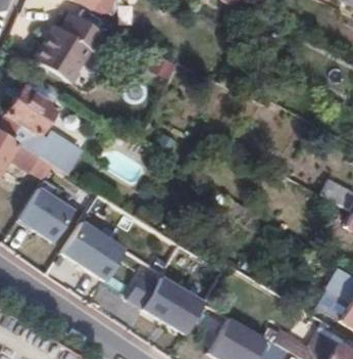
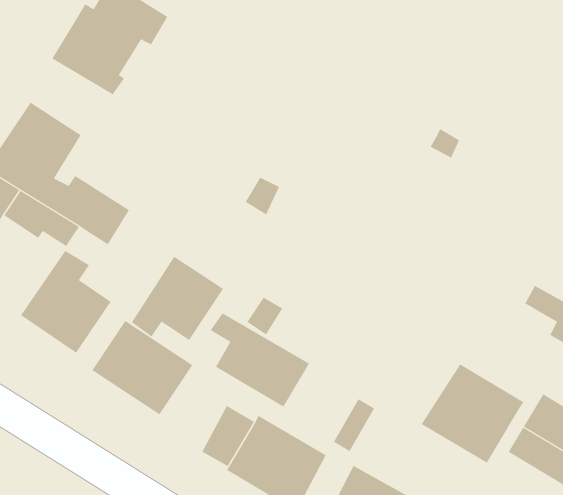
building: none -> [131,256,224,341]
building: none -> [210,313,310,407]
building: none -> [421,364,524,463]

